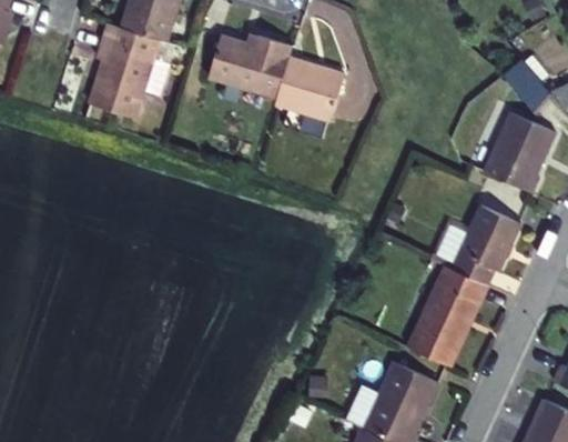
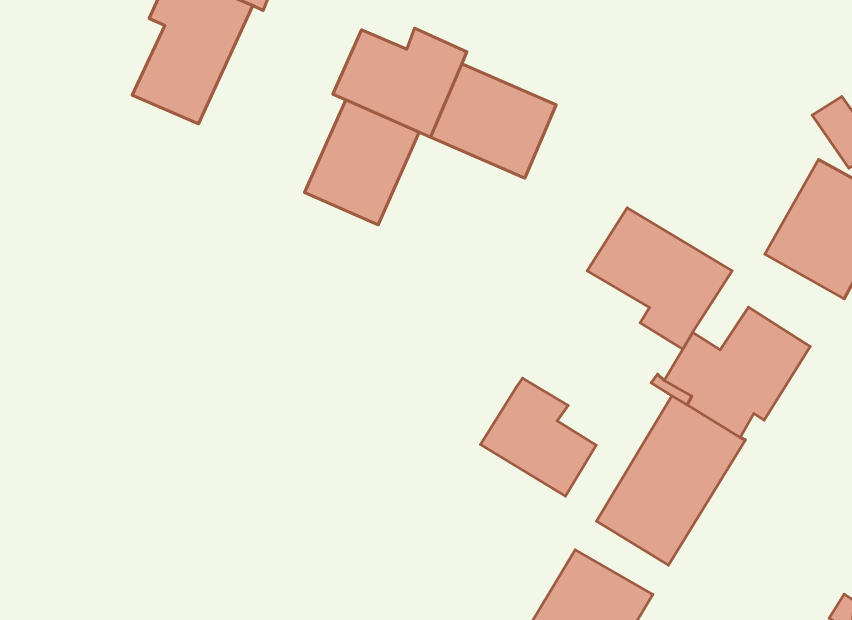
building: none -> [305,100,419,225]
building: none -> [587,208,732,349]
building: none -> [480,378,596,496]

